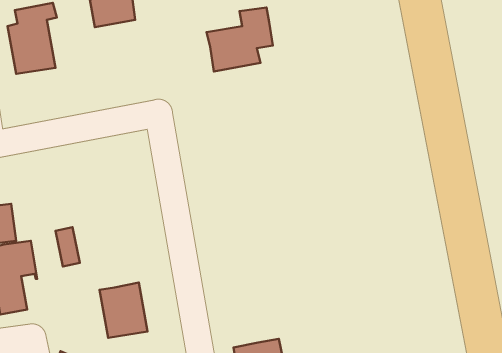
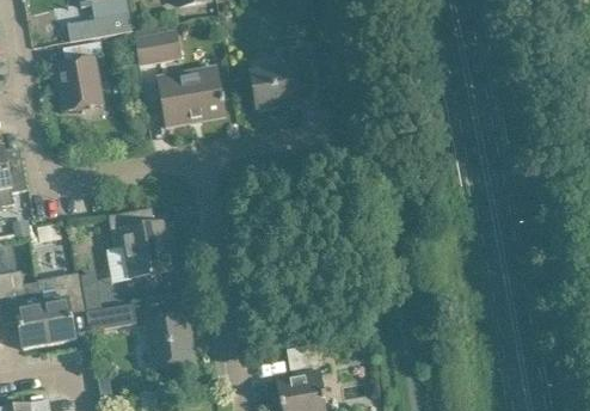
building: none -> [156,67,223,127]
building: none -> [107,208,176,275]
building: none -> [85,302,135,330]

